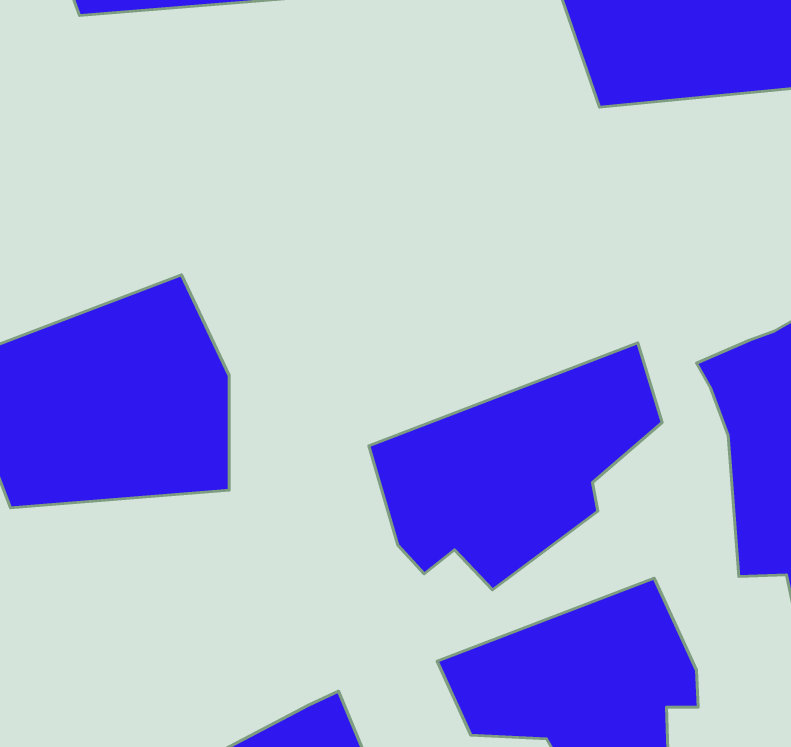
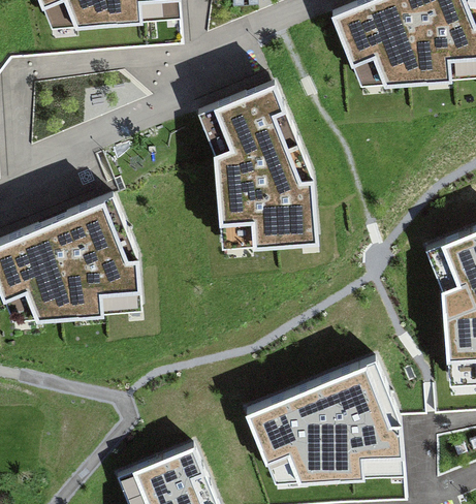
building: none -> [192,74,314,254]
building: [369,343,662,590] -> none

